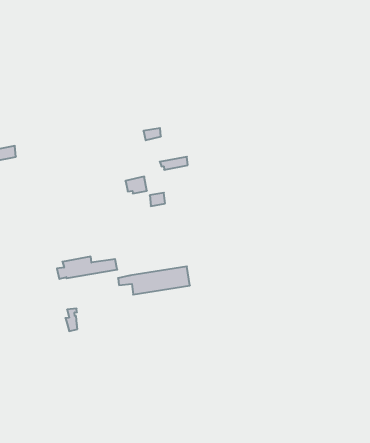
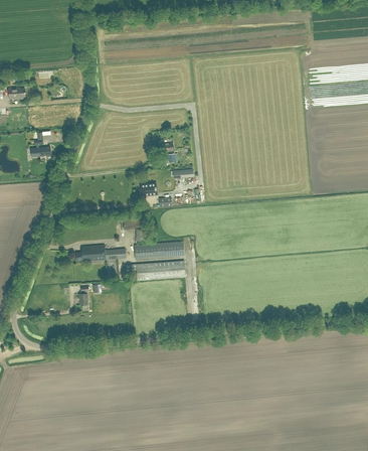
building: none -> [134,242,183,259]

